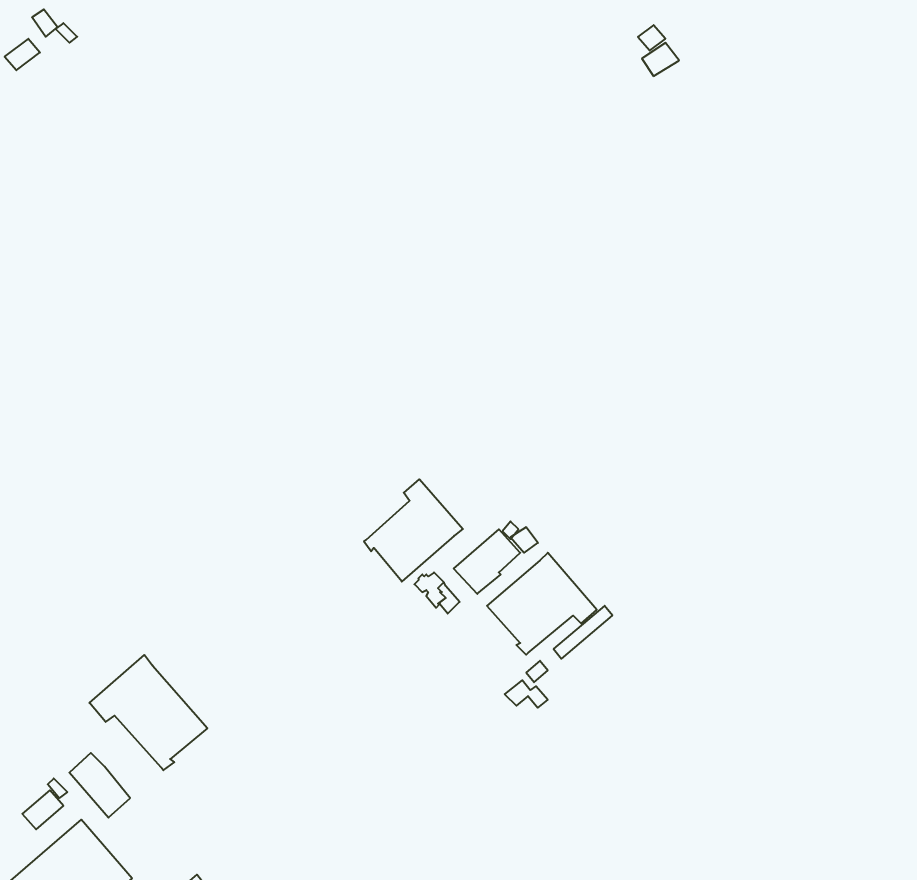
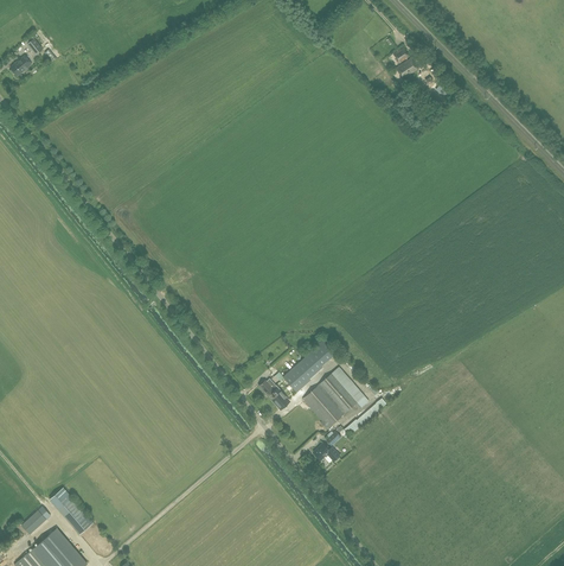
building: [364,479,463,582] -> none
building: [89,655,207,770] -> none

